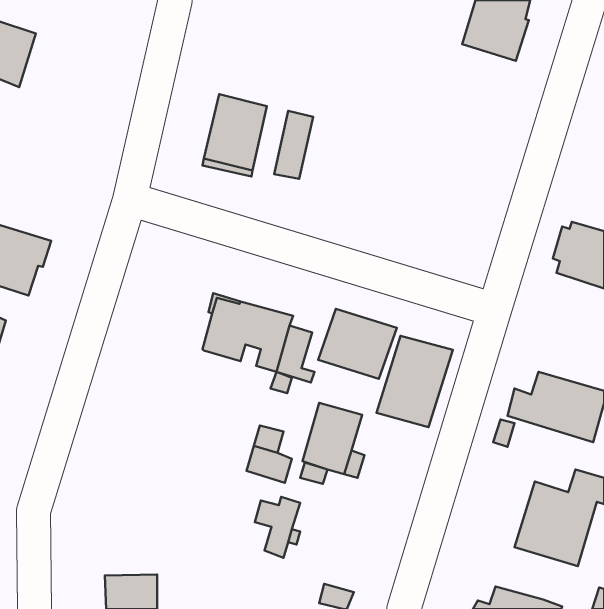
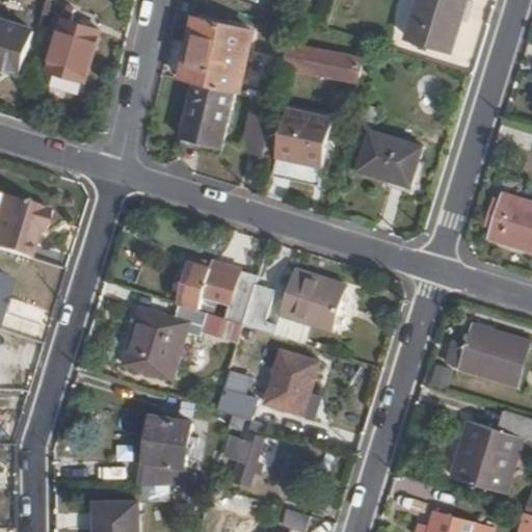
building: none -> [44,6,100,83]
building: none -> [180,18,251,94]
building: none -> [280,44,361,83]
building: none -> [273,108,332,167]
building: none -> [355,129,422,188]
building: [376,336,453,427] -> none
building: none -> [119,305,219,381]
building: none -> [138,416,191,486]

